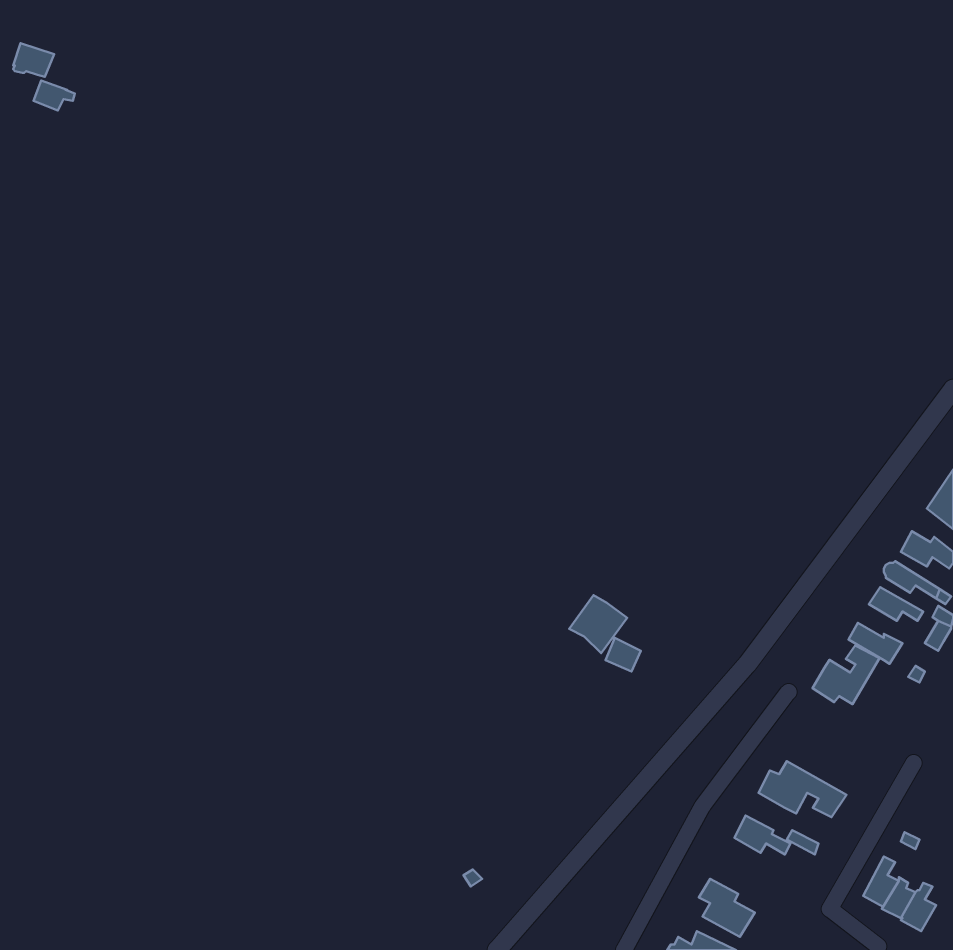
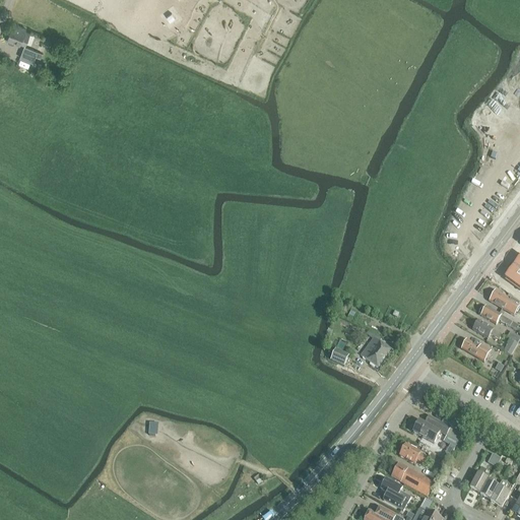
building: [569,595,627,653] -> [359,335,390,367]
building: [812,645,880,704] -> none
building: none -> [391,462,434,495]

